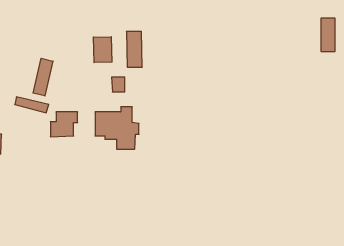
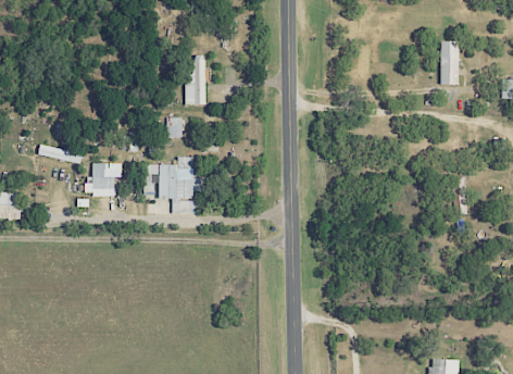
building: [93,37,112,63] -> none
building: [33,58,53,96] -> none

